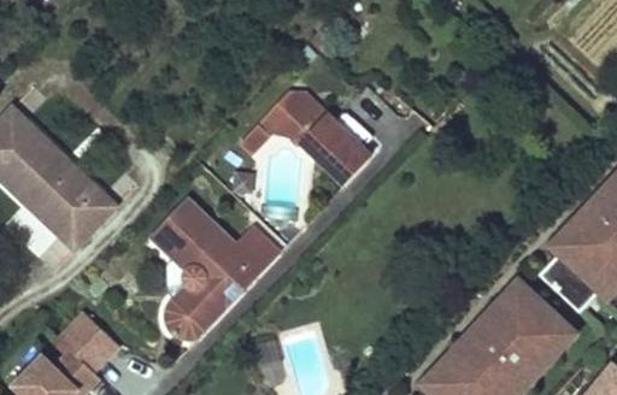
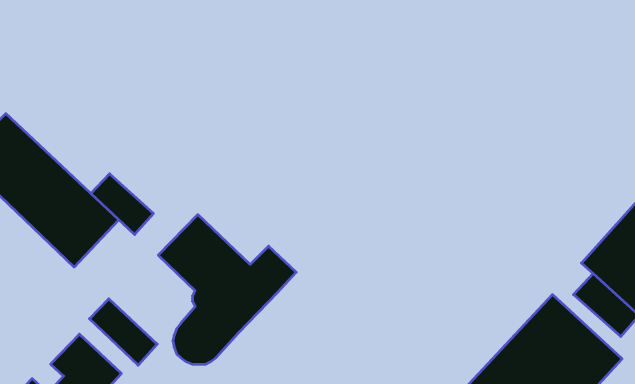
building: [240,92,370,184] -> none
building: none -> [91,174,153,235]
building: none -> [89,299,157,365]

